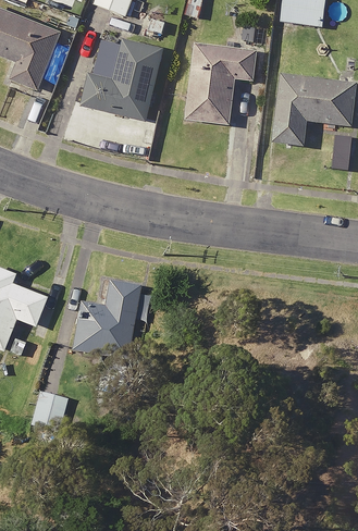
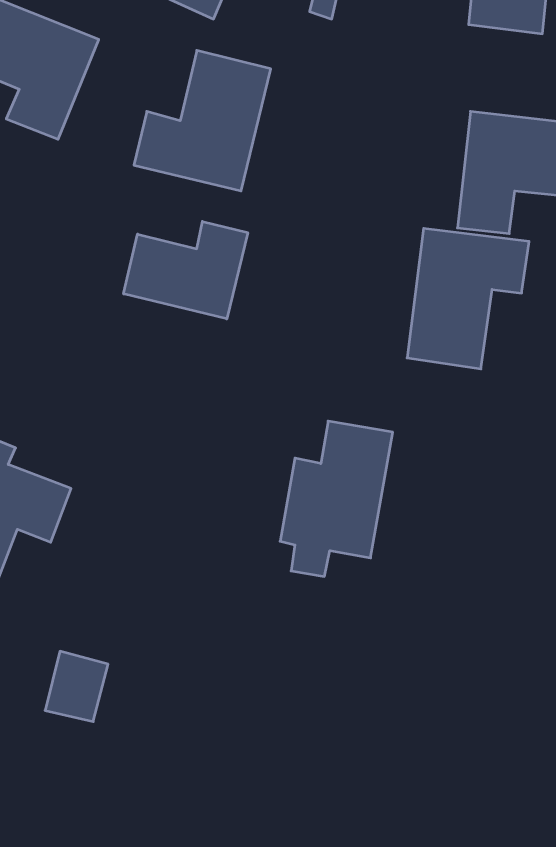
building: [185,42,257,125] -> [407,228,529,369]
building: none -> [124,221,248,319]
building: [73,280,139,371] -> [280,421,393,576]

